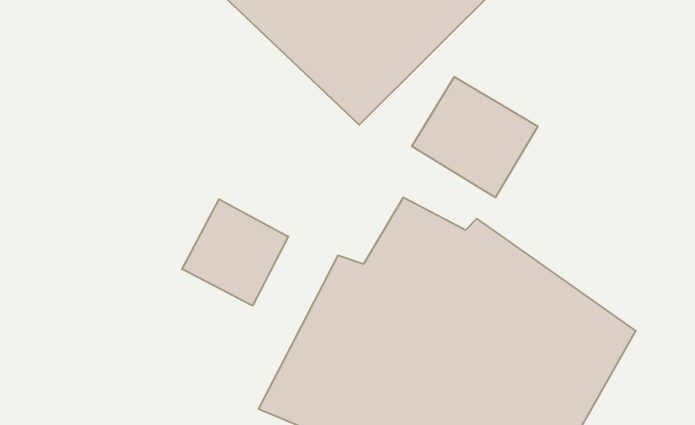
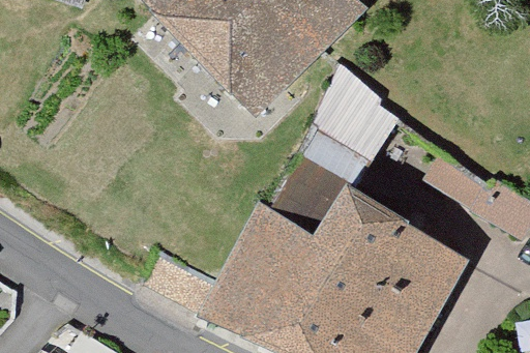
building: [182,199,288,306] -> none

